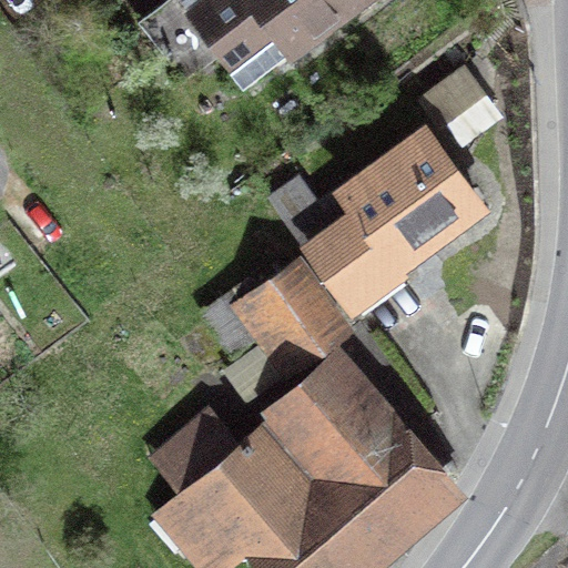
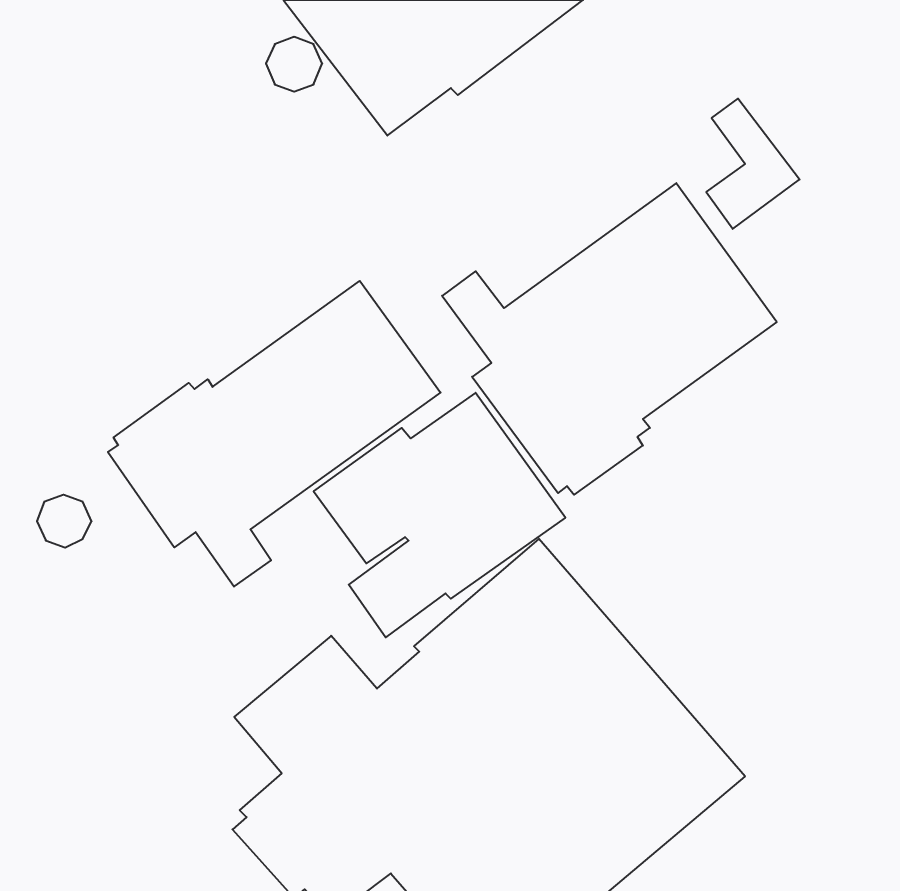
building: none -> [108,281,441,587]

